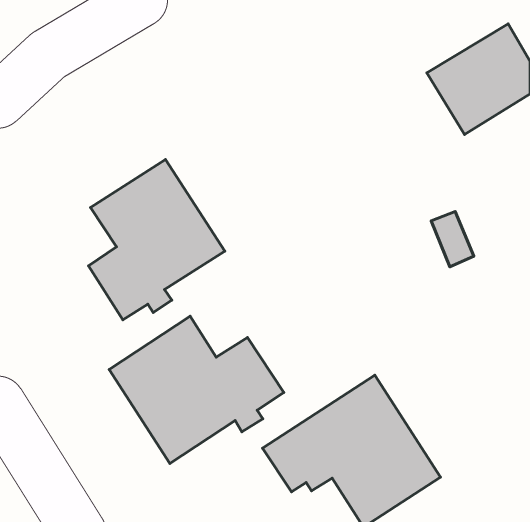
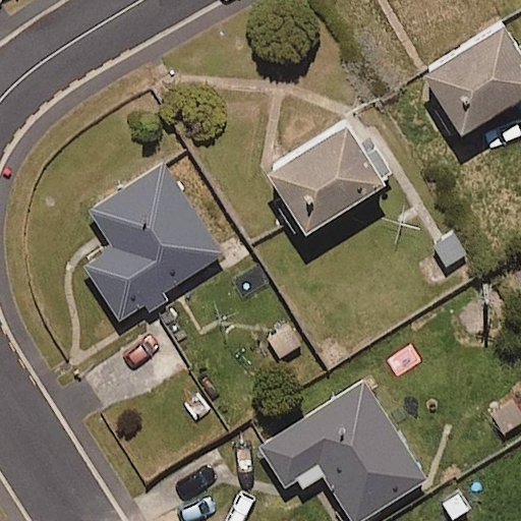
building: none -> [271,114,393,229]
building: [109,316,284,464] -> none

